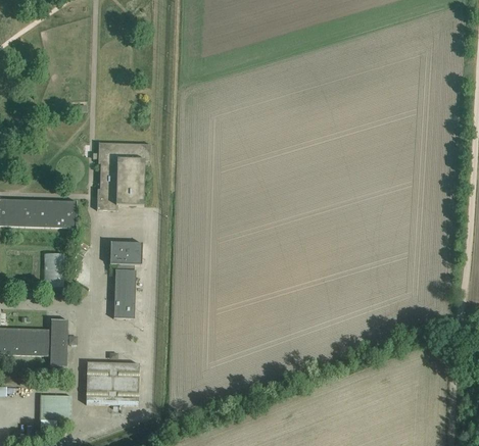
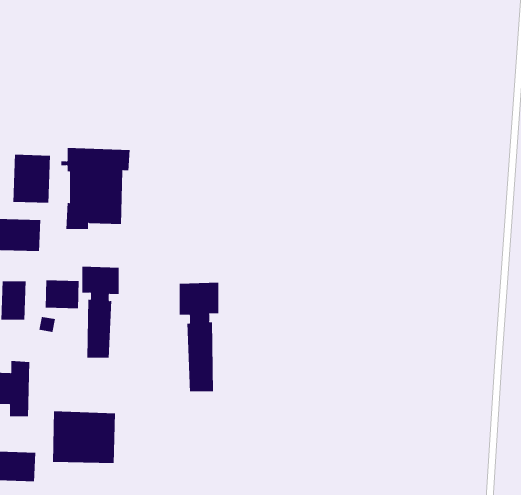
building: none -> [13,154,51,204]
building: none -> [45,280,79,309]
building: none -> [179,282,219,392]

